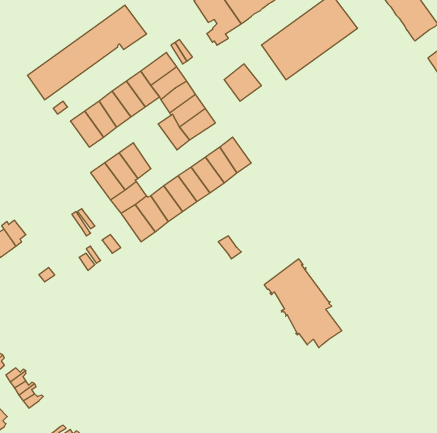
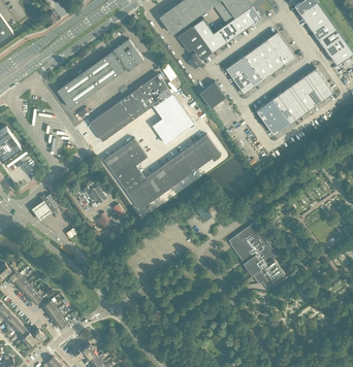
building: none -> [255,68,332,135]

